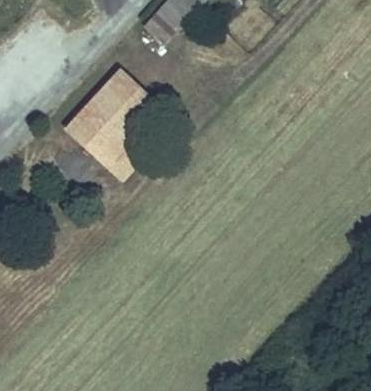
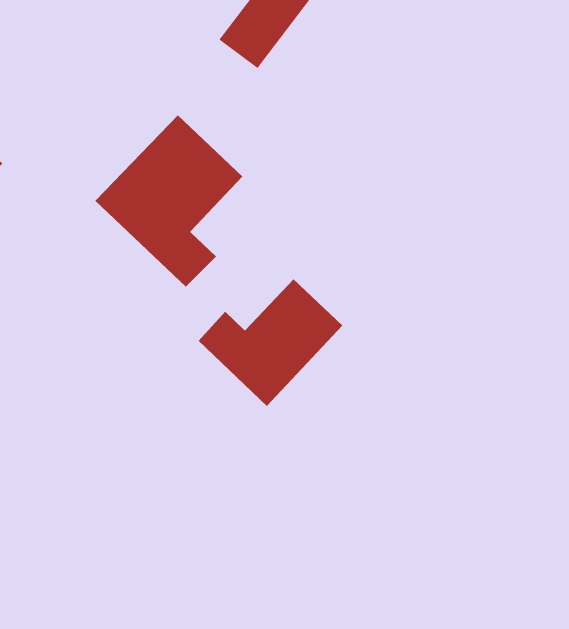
building: none -> [198,279,343,407]

